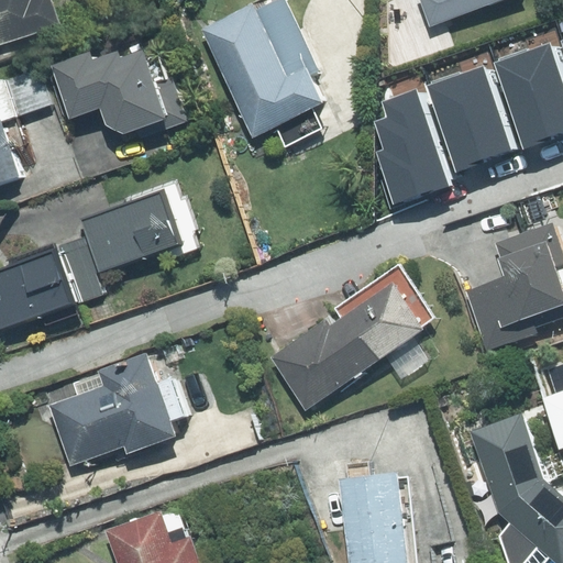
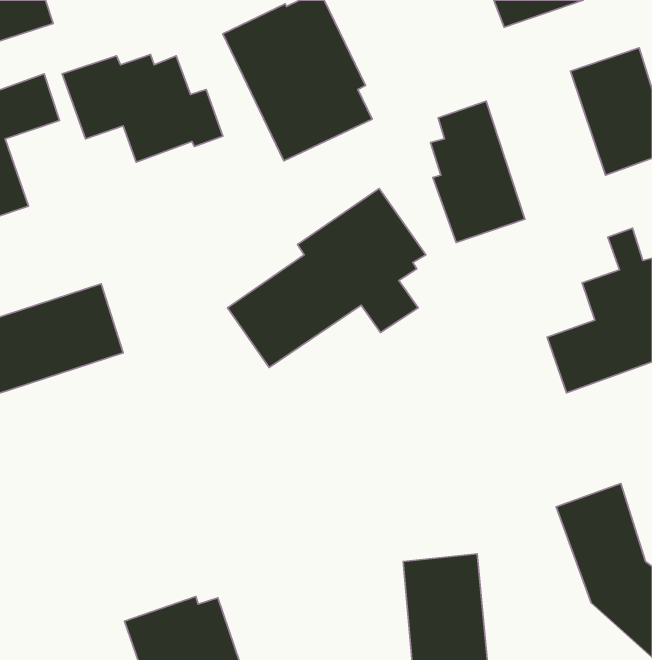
building: [417,66,506,174] -> none
building: [82,188,188,273] -> none
building: [271,262,439,413] -> [228,189,426,368]
building: [45,354,187,470] -> none

